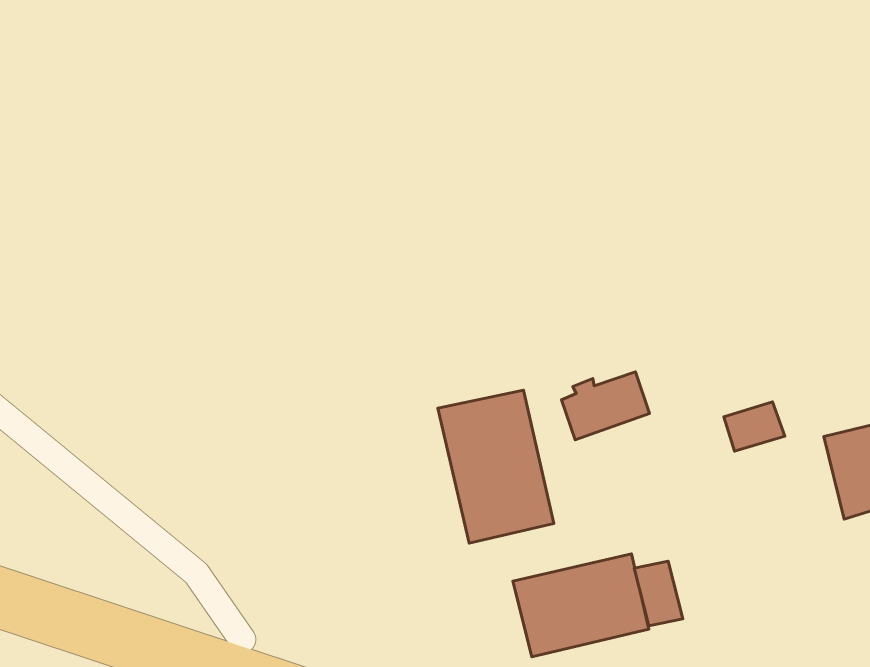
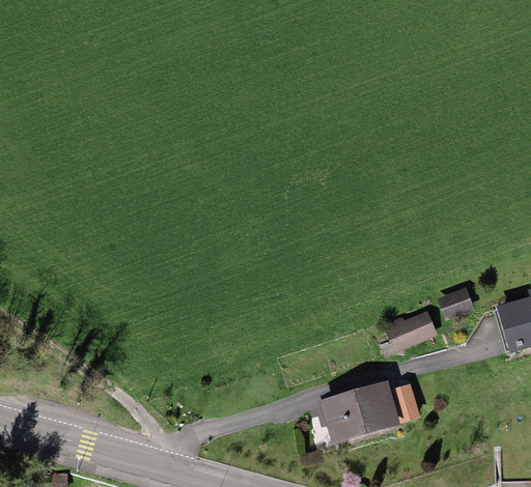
building: [561,372,649,440] -> [385,311,437,352]
building: [438,390,554,543] -> none

